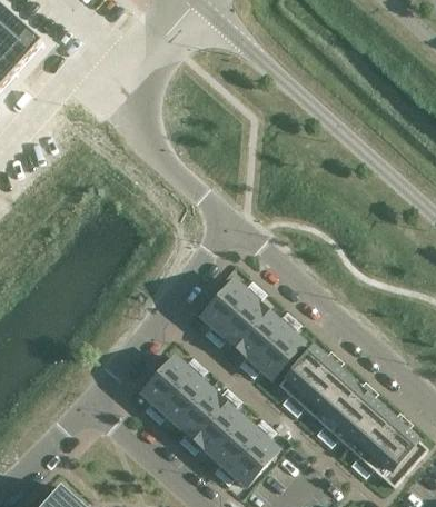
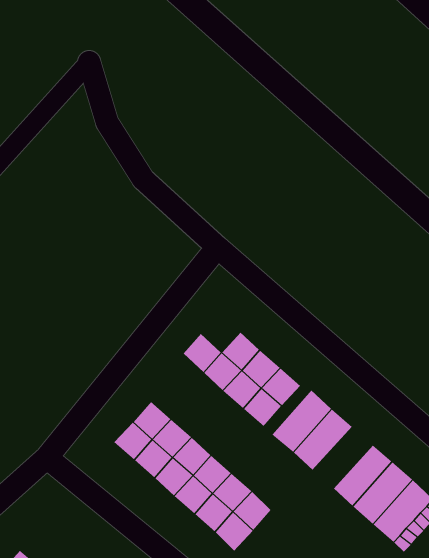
building: [216,278,250,312] -> none
building: [313,377,365,430] -> none

